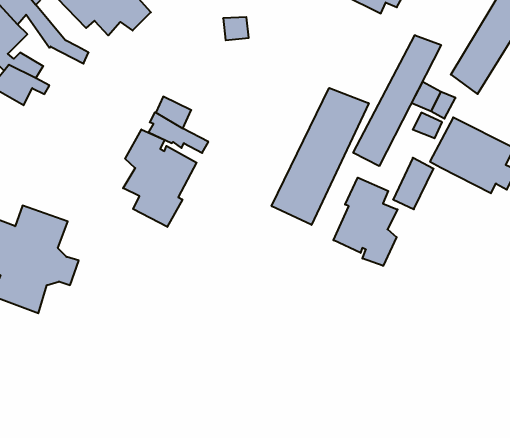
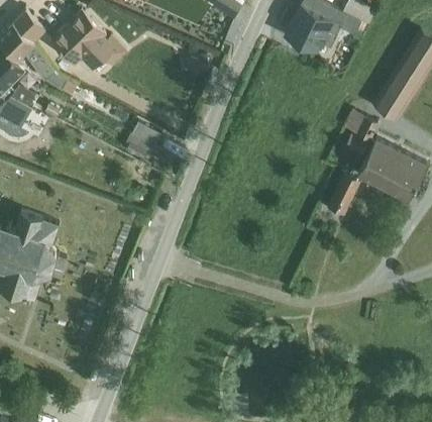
building: [353,35,441,166] -> none
building: [272,88,369,225] -> none
building: [123,129,197,227] -> none
building: [333,178,398,266] -> none

